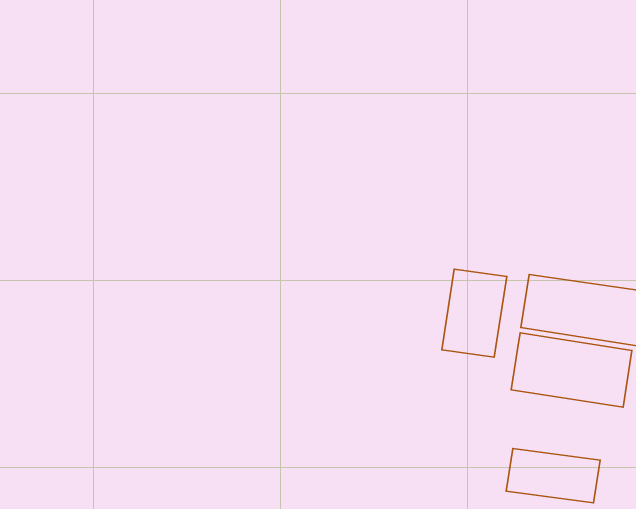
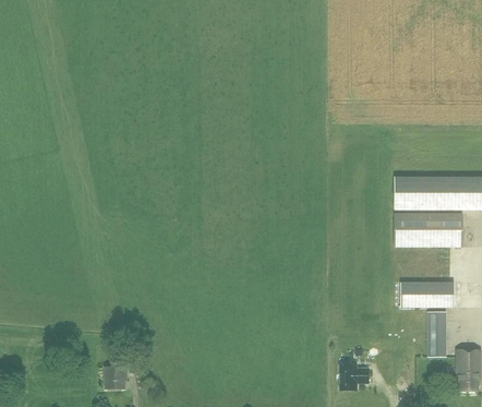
building: [442,269,507,357] -> none

